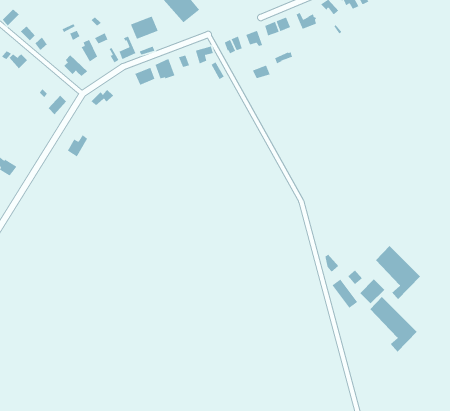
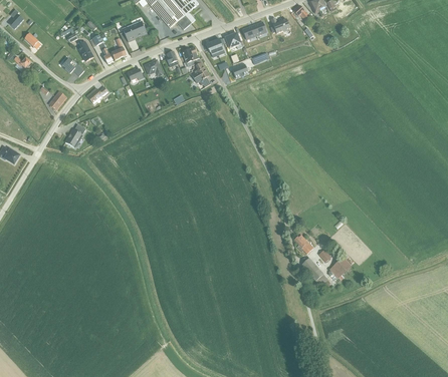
building: [375,245,421,300] -> none
building: [369,296,417,352] -> none

